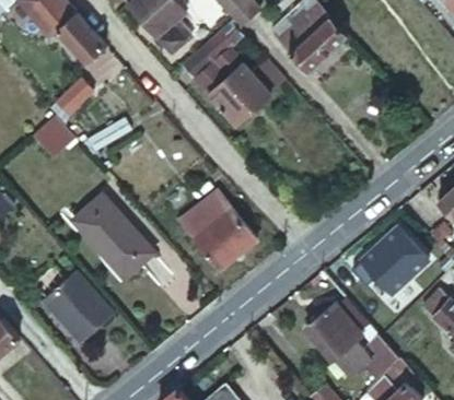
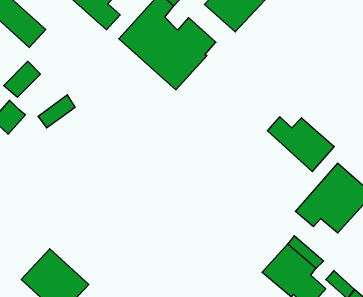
building: none -> [267,117,334,172]
building: [179,190,256,270] -> none
building: [70,197,152,281] -> none

